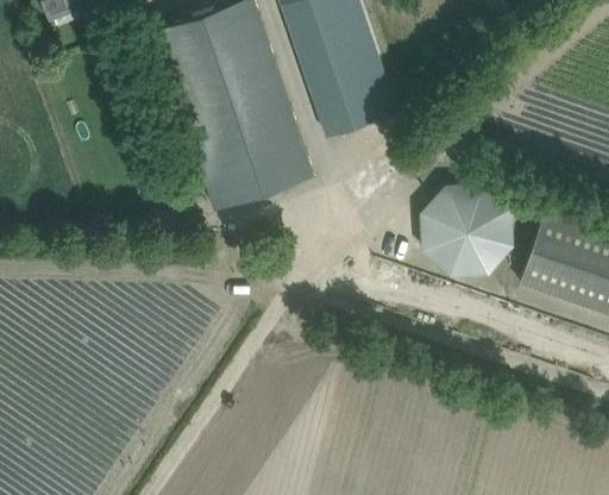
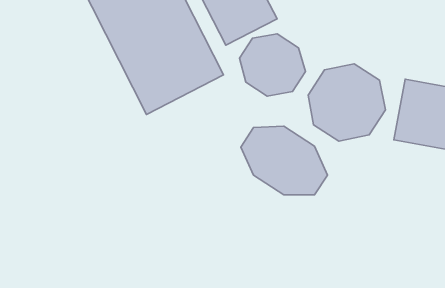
building: none -> [240,34,306,96]
building: none -> [241,126,327,195]

